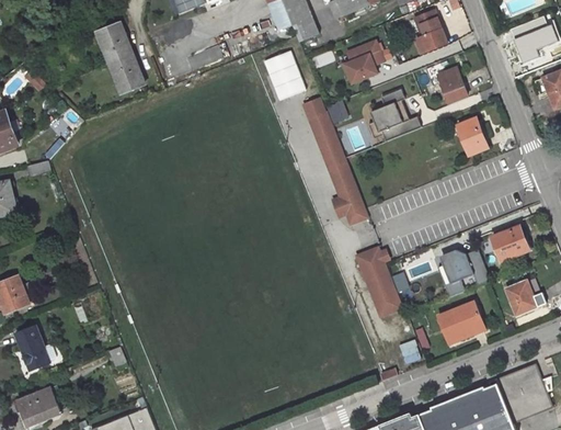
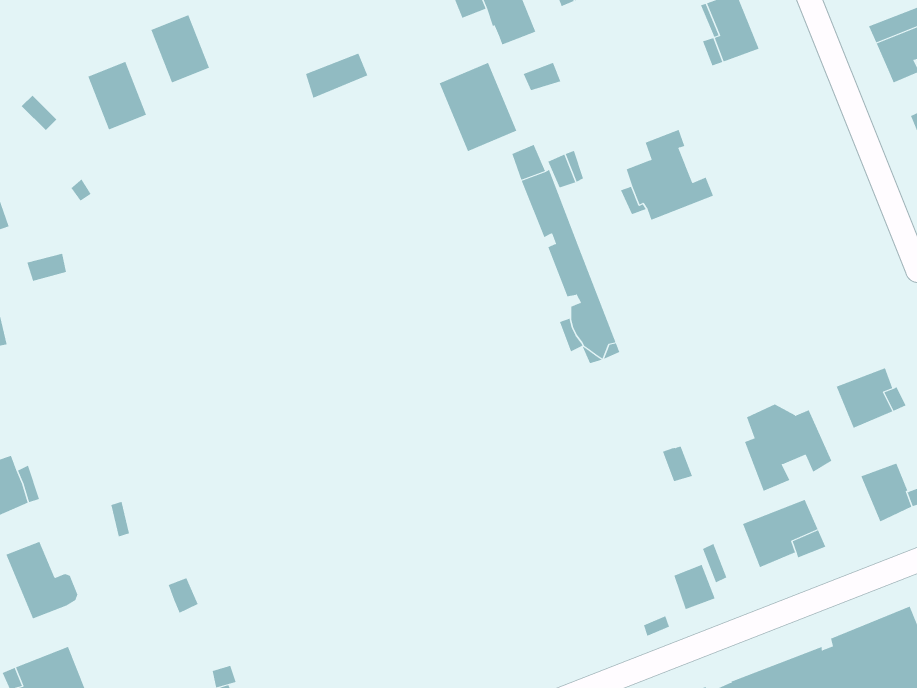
building: [344,39,383,82] -> none
building: [110,54,144,93] -> [88,61,147,130]
building: [424,63,467,102] -> none
building: [457,117,488,155] -> none
building: [355,247,401,316] -> none

